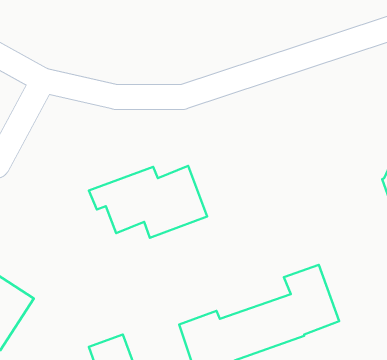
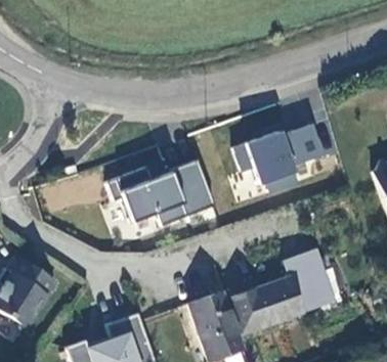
building: none -> [233,124,322,191]

